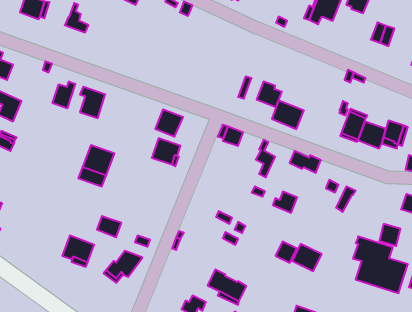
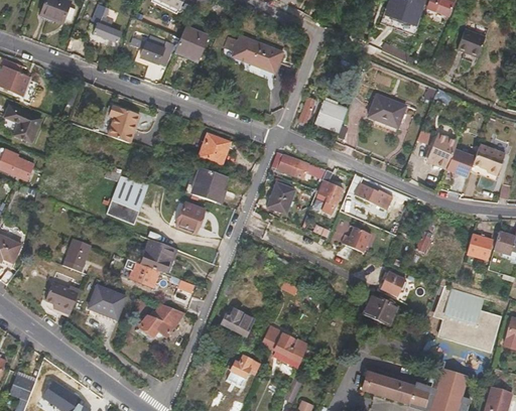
building: none -> [175,24,208,58]
building: none -> [140,31,166,61]
building: none -> [226,31,282,67]
building: [53,81,75,108] -> none
building: [272,100,304,129] -> [374,92,412,126]
building: none -> [267,182,295,215]
building: none -> [179,197,209,231]
building: none -> [63,237,90,271]
building: none -> [141,237,176,271]
building: [379,224,401,246] -> [467,234,492,260]
building: none -> [46,282,80,313]
building: [276,242,297,263] -> [378,275,403,300]
building: none -> [220,308,255,335]

